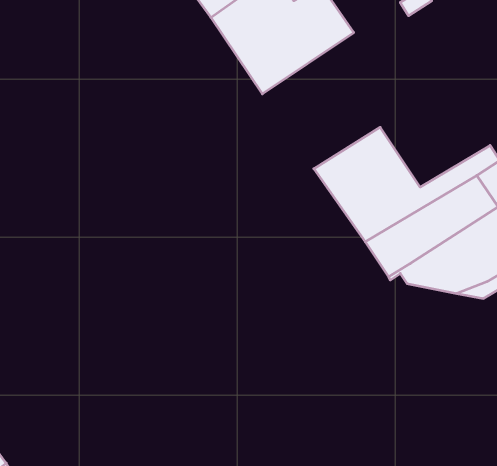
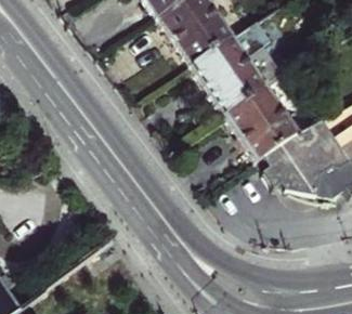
building: none -> [192,22,290,114]

